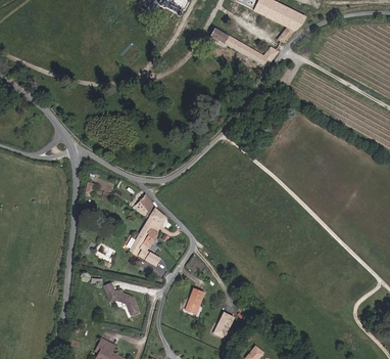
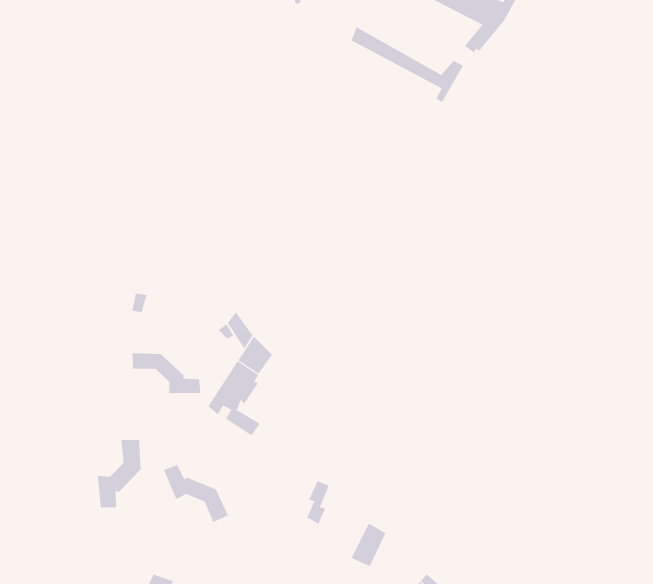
building: none -> [132,353,201,394]
building: none -> [97,439,141,508]

